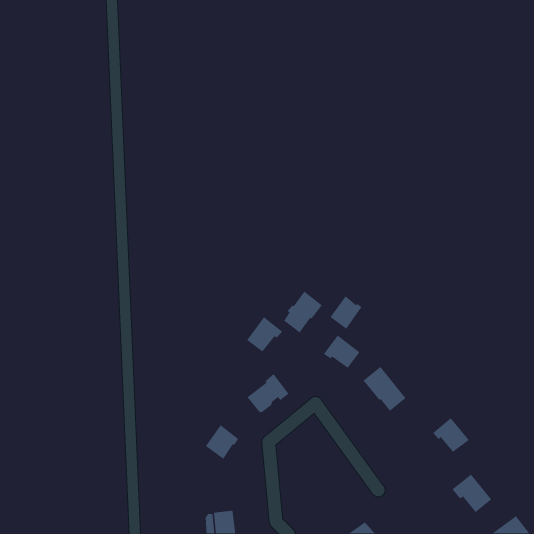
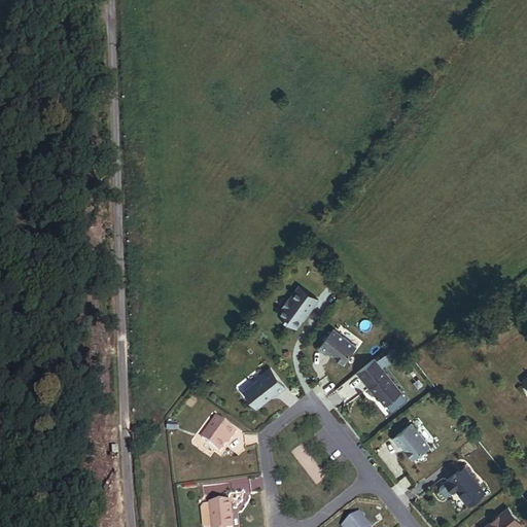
building: [330,295,363,330] -> none
building: [246,316,283,353] -> none
building: [432,417,470,453] -> [392,423,429,458]

